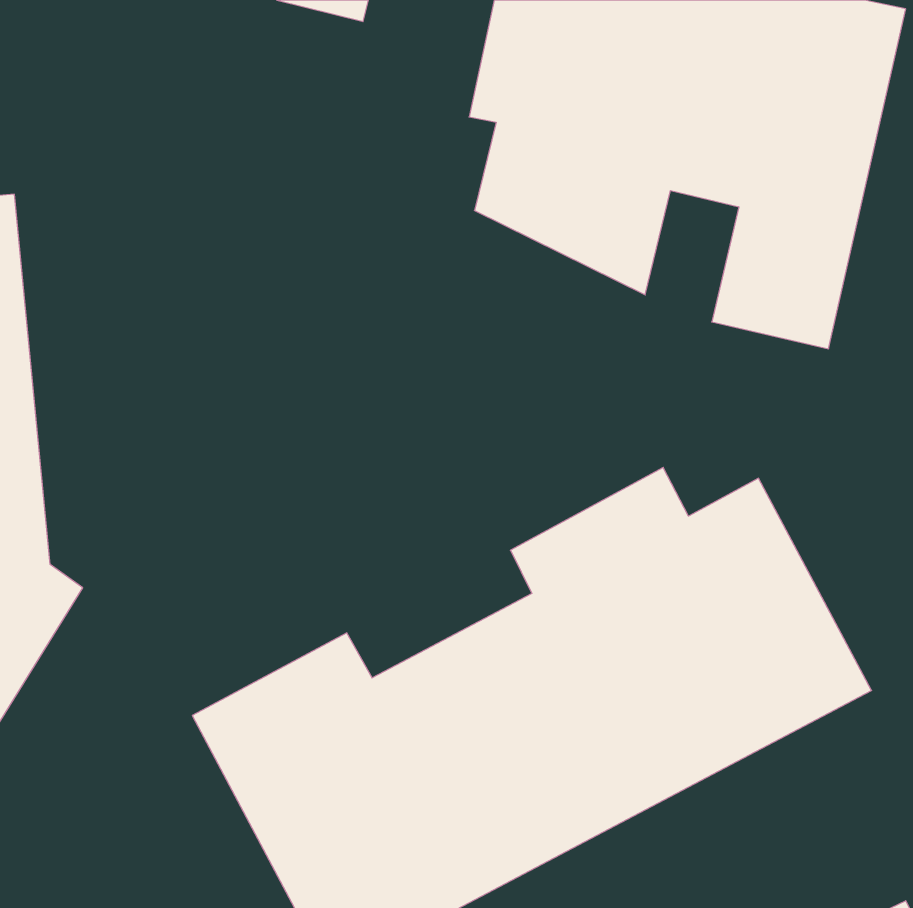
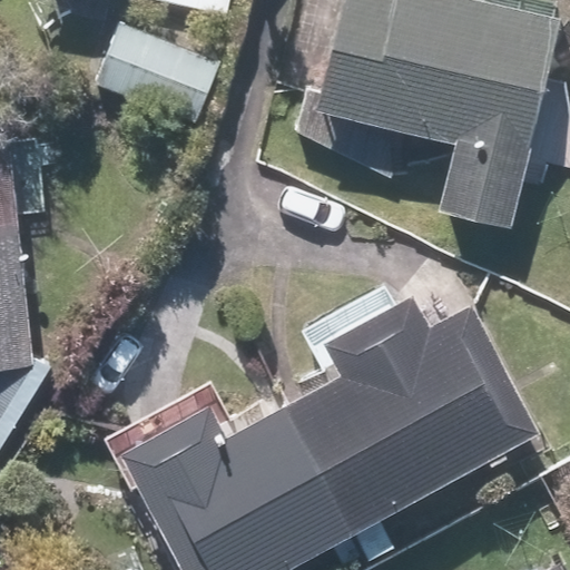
building: none -> [94,21,223,125]

